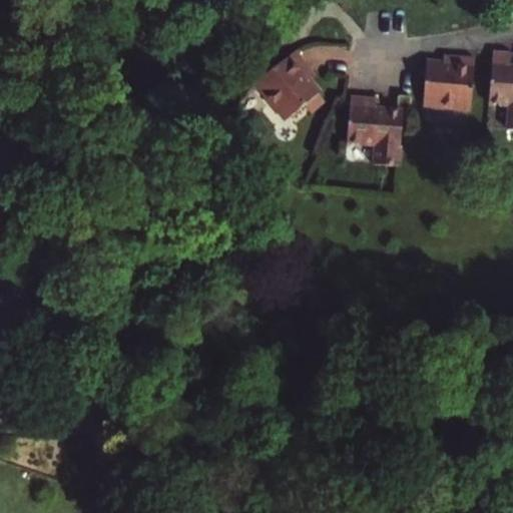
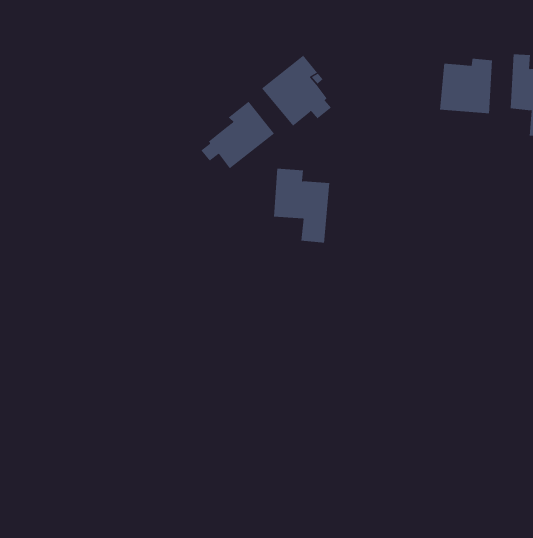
building: [349,95,403,166] -> [273,168,330,243]
building: none -> [201,101,275,169]

